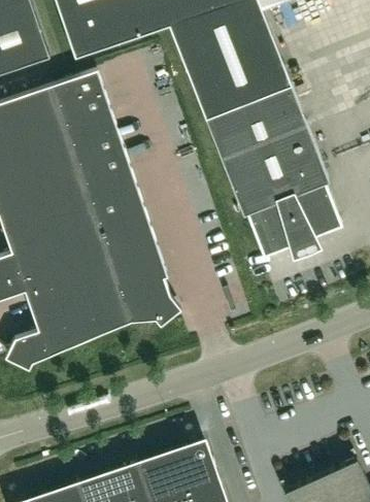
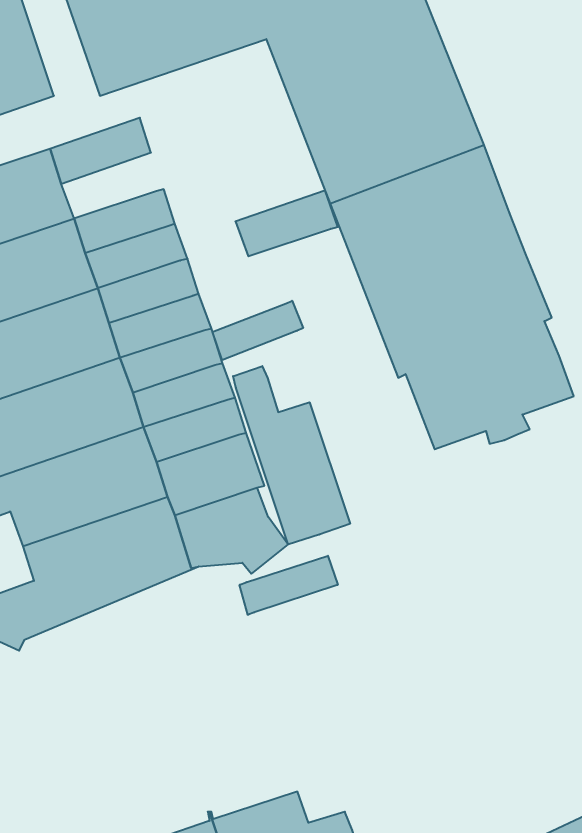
building: [53,89,110,126] -> [235,190,338,256]
building: none -> [212,301,303,360]
building: none -> [233,366,350,544]
building: none -> [240,556,338,615]

